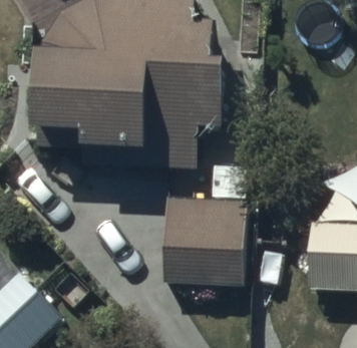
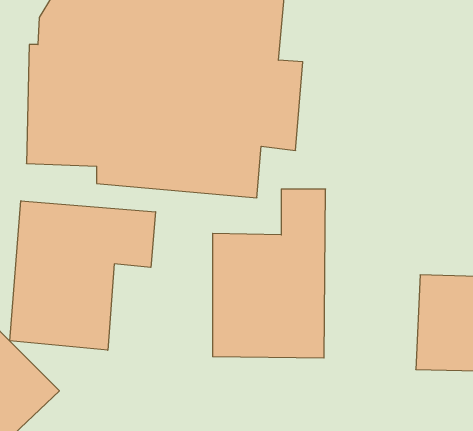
building: none -> [10,201,156,350]

